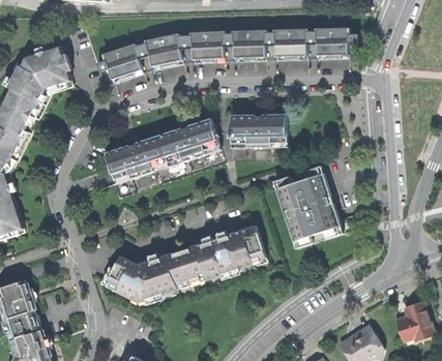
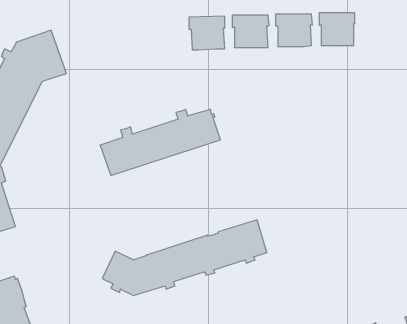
building: [144,33,182,70] -> none
building: [101,43,142,83] -> none
building: [230,109,285,147] -> none
building: [272,166,342,248] -> none

